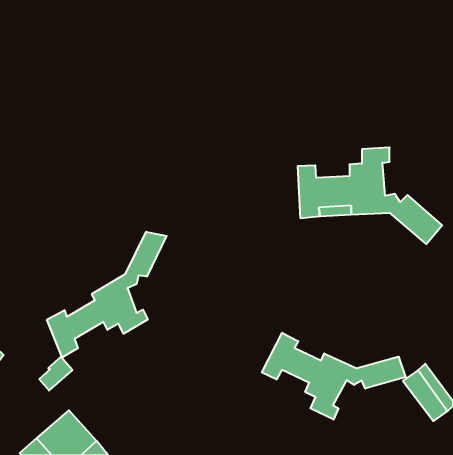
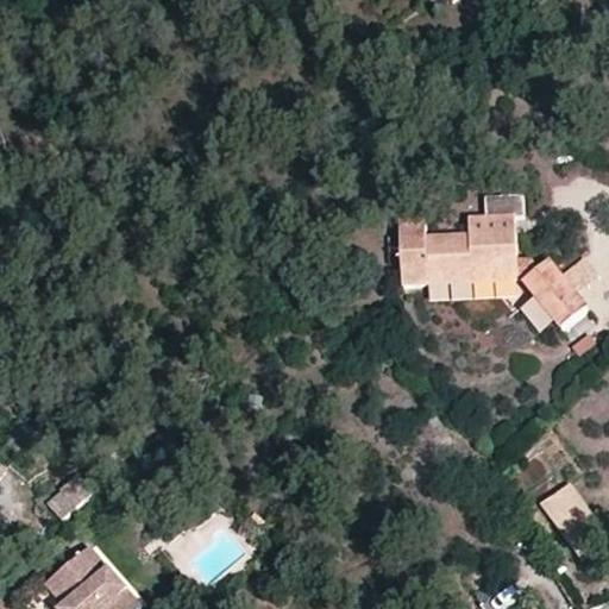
building: [47,232,167,357] -> none
building: [262,333,406,420] -> none

